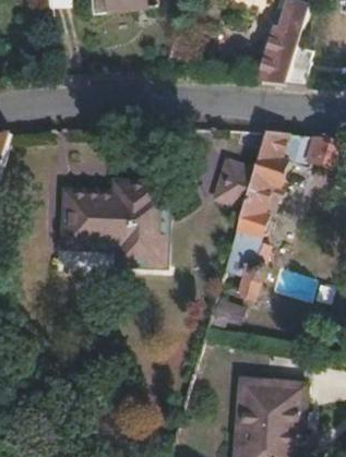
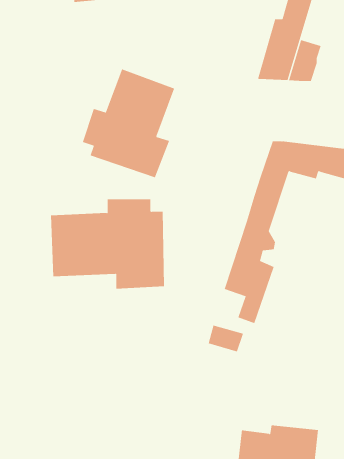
building: none -> [82,68,175,178]
building: [215,155,256,203] -> none

